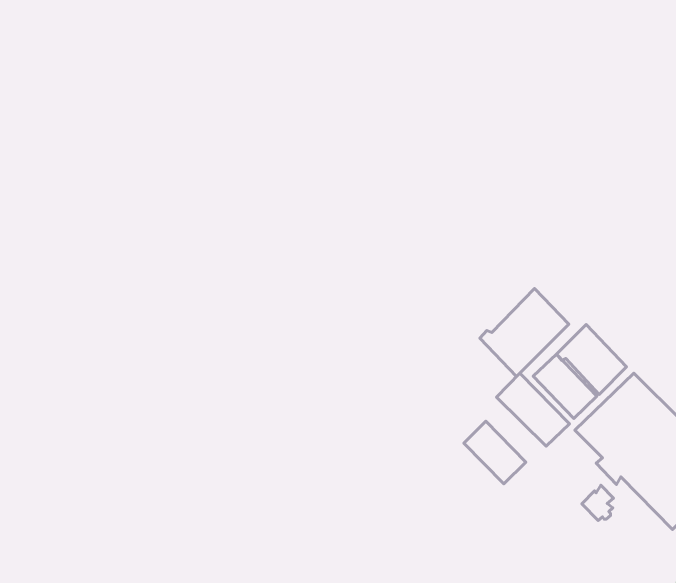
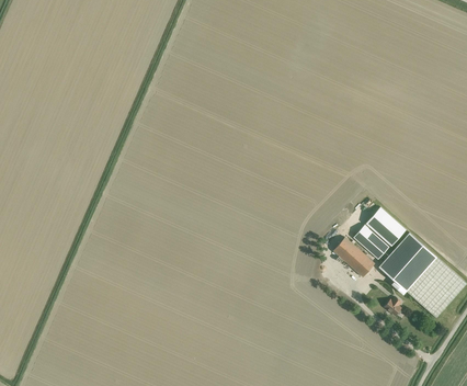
building: [480,288,569,376] -> none
building: [464,421,526,484] -> none

